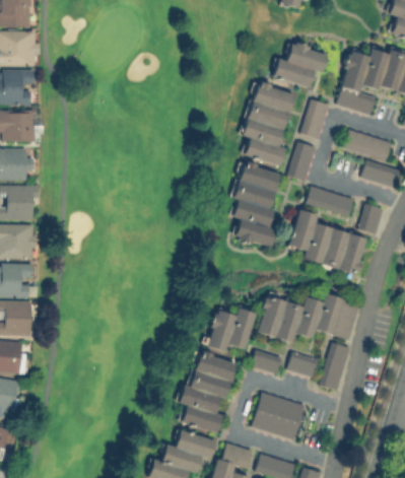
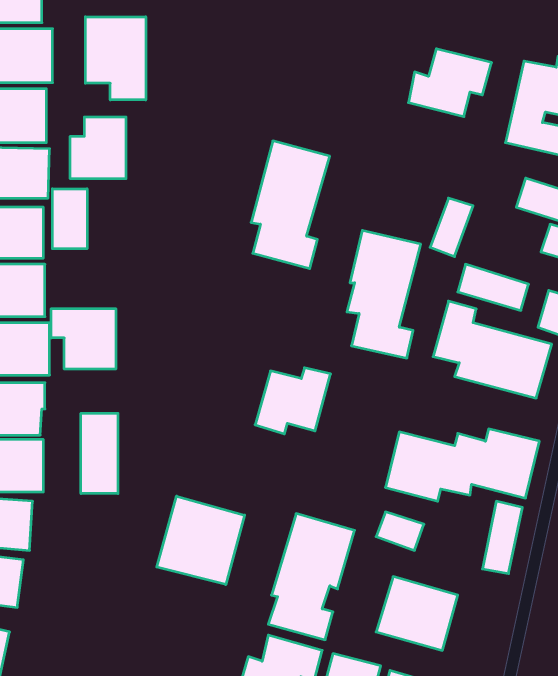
building: none -> [85,17,146,100]
building: [243,82,294,166] -> [251,141,330,269]
building: none -> [70,117,126,179]
building: [300,99,328,138] -> none
building: none -> [52,189,87,249]
building: none -> [51,309,116,369]
building: none -> [81,413,118,494]
building: [207,309,257,352] -> [255,368,331,434]
building: none -> [157,496,245,585]
building: [287,351,319,378] -> none

